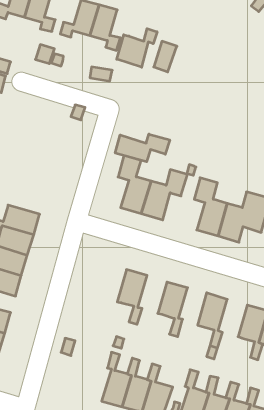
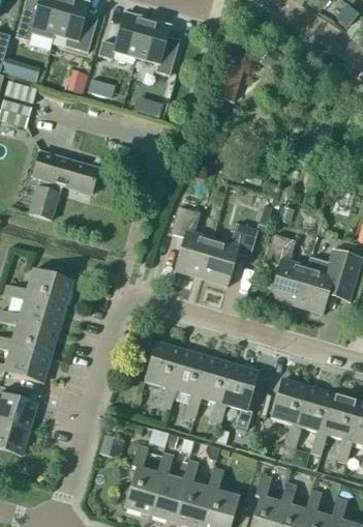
building: [117,29,157,67] -> none
building: none -> [30,150,99,219]
building: [115,134,170,162] -> none
building: none -> [145,342,182,410]
building: none -> [196,356,233,426]
building: none -> [297,386,333,455]
building: none -> [125,445,163,514]

